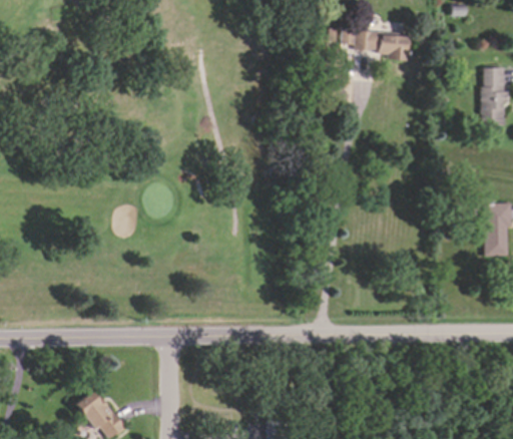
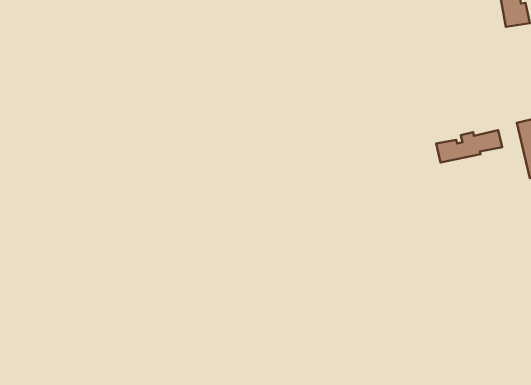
building: none -> [436,130,502,162]

